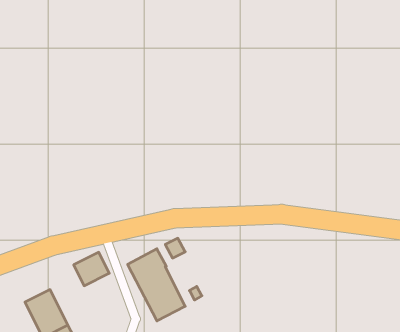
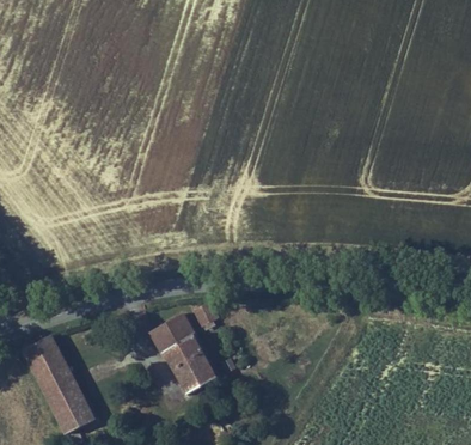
building: [74,252,109,286] -> [22,335,62,373]

